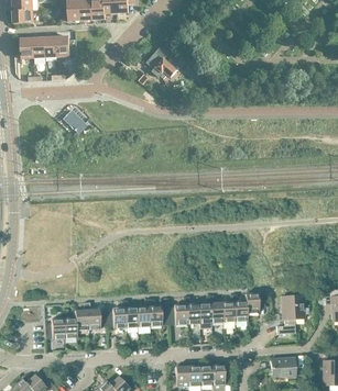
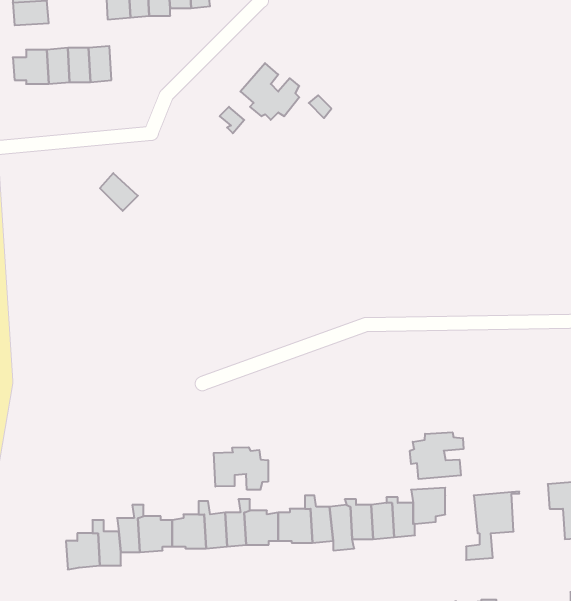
building: none -> [410,432,463,479]
building: none -> [214,447,268,490]

